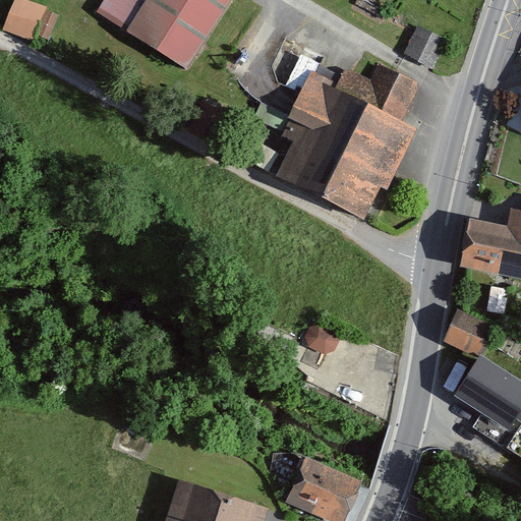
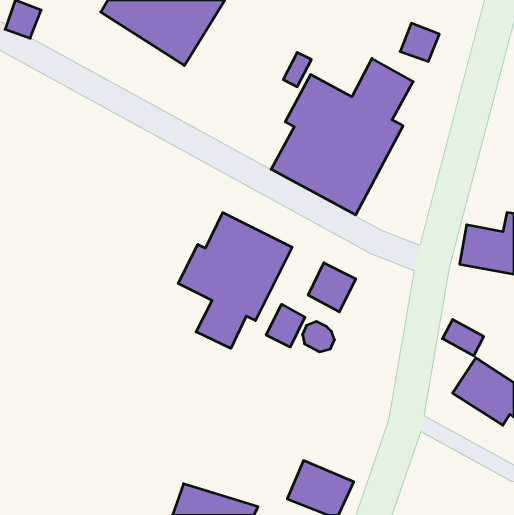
building: none -> [178,213,292,348]
building: none -> [308,263,356,312]
building: none -> [266,304,305,347]

